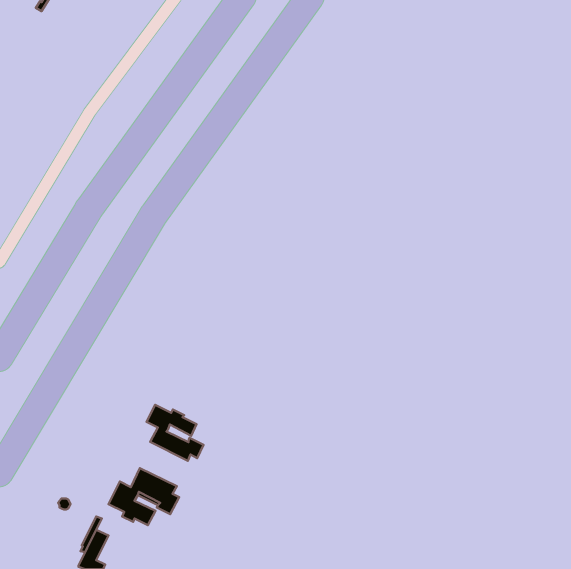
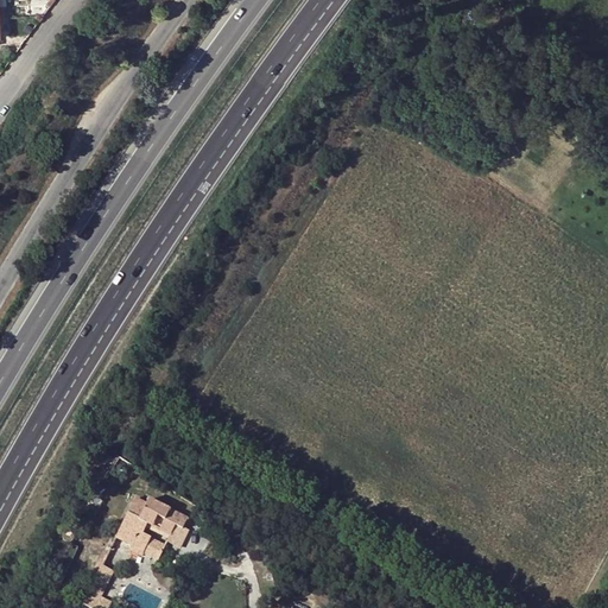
building: [146,405,203,461] -> none

